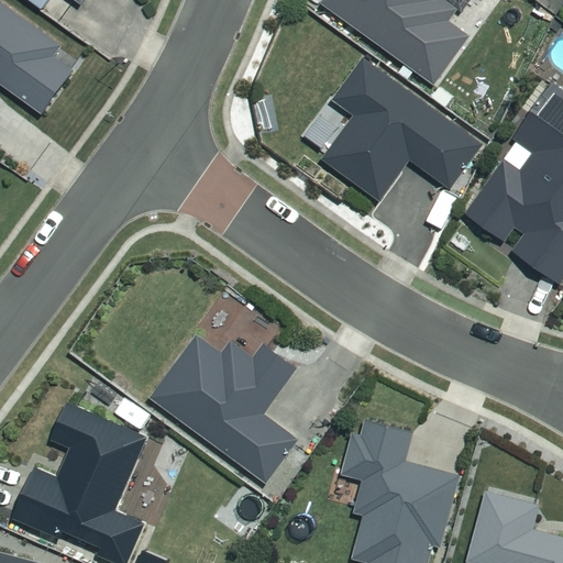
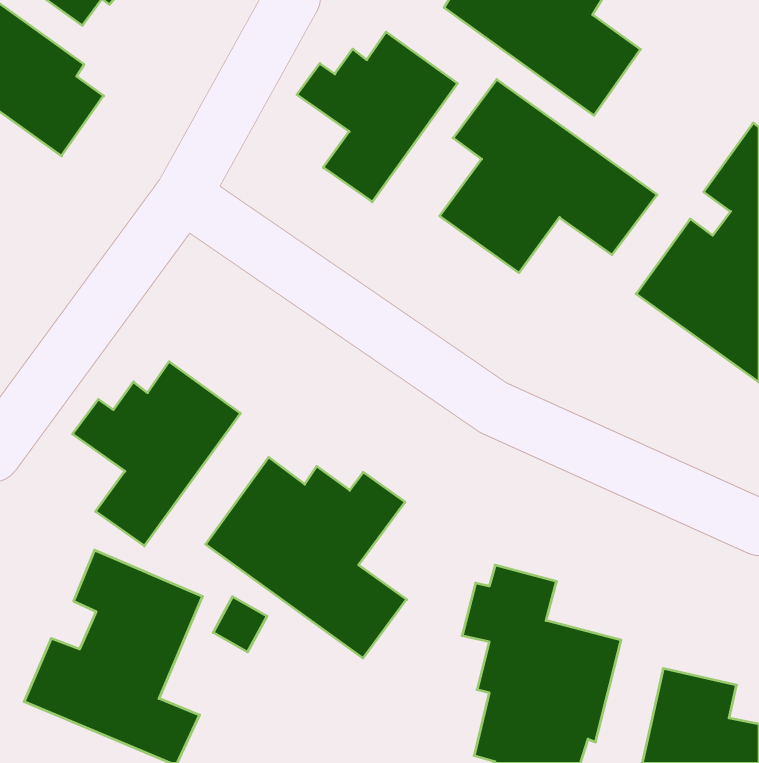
building: none -> [297,32,457,202]
building: none -> [73,362,240,546]

